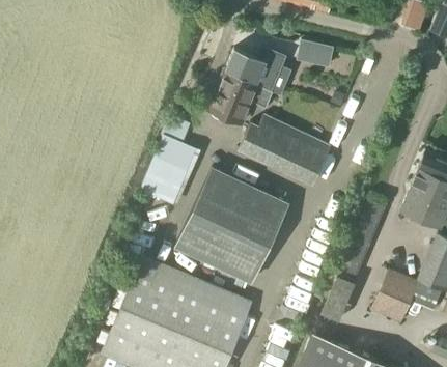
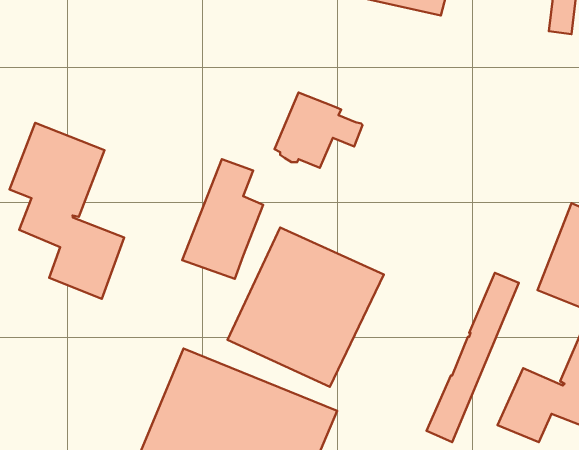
building: [290,37,334,67] -> none
building: [226,46,286,91] -> none
building: none -> [10,123,124,299]
building: [239,114,332,185] -> none

